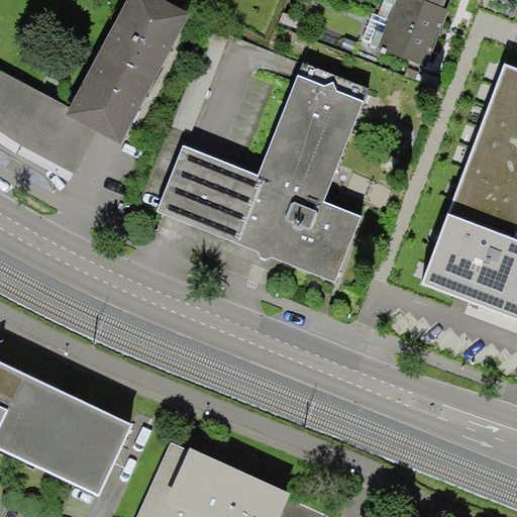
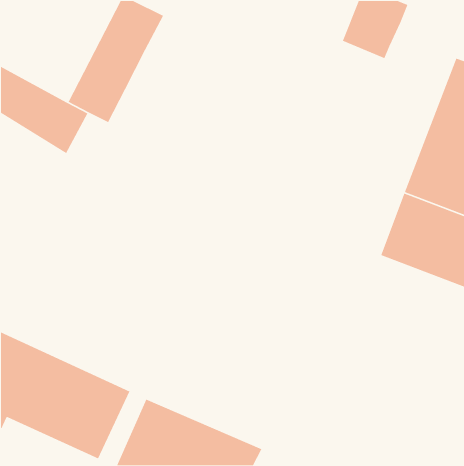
building: [152,71,358,276] -> none

